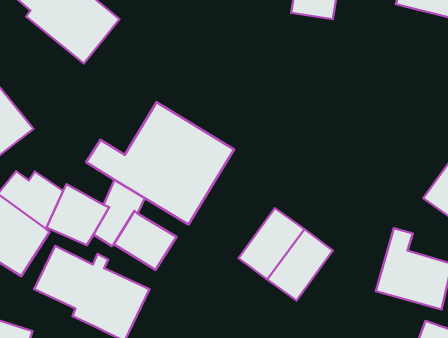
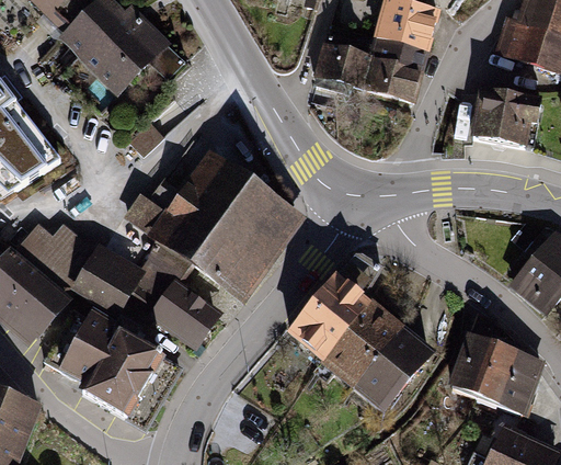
building: none -> [313,41,421,105]
building: none -> [474,90,546,146]
building: none -> [354,337,434,420]

